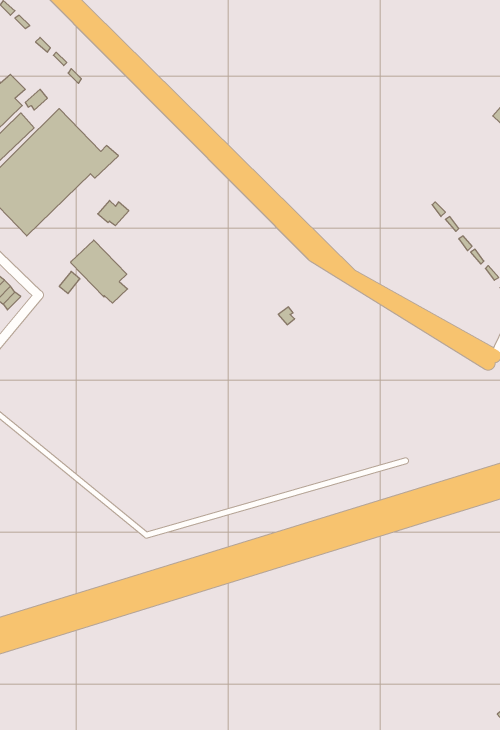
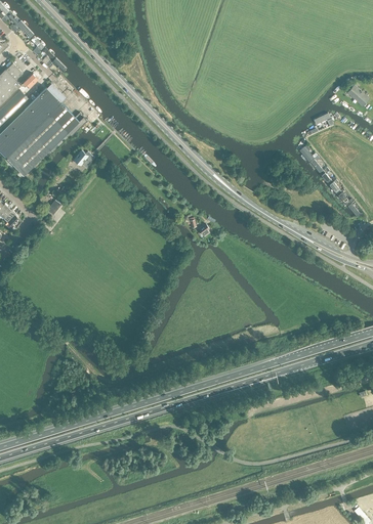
building: [71,240,128,303] -> none

